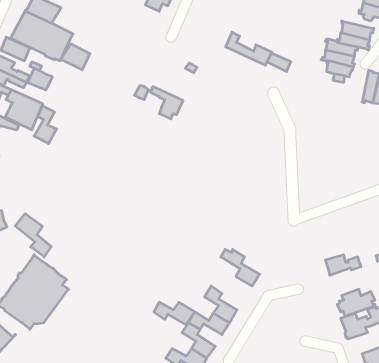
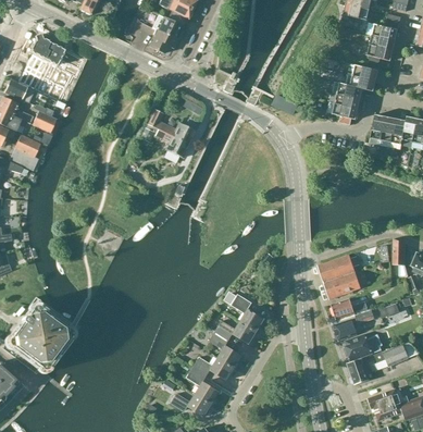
building: [226,32,272,65] -> [148,109,195,143]
building: [61,44,90,70] -> [55,49,85,75]
building: [34,106,57,144] -> none
building: none -> [319,255,361,298]
building: [15,214,51,257] -> none
building: none -> [333,309,374,340]
building: [154,302,195,325] -> [216,320,258,343]

